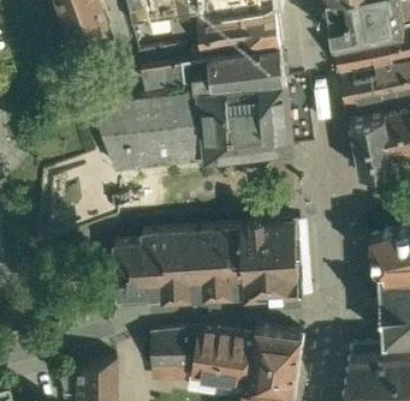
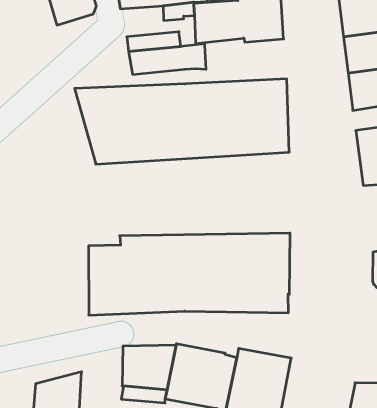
building: [191,48,284,94] -> none

